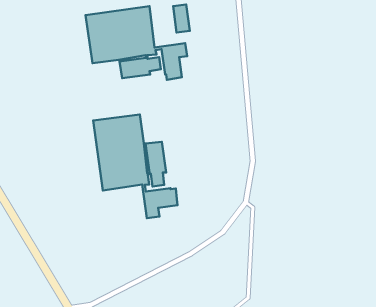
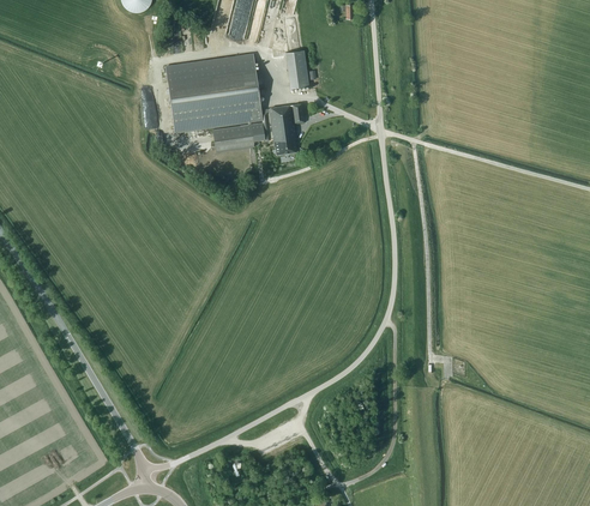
building: [93,114,177,218] -> none

